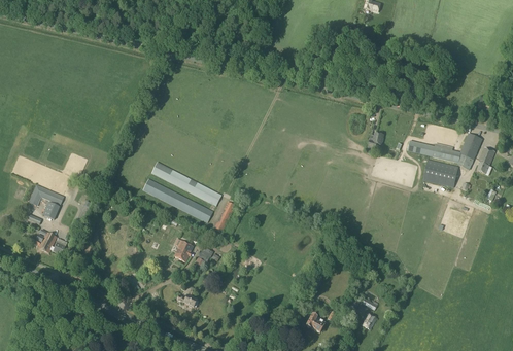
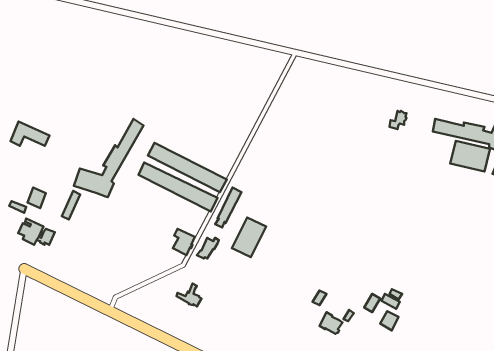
building: none -> [74,119,144,197]
building: [29,184,64,206] -> [11,122,50,146]
building: none -> [232,217,266,257]

